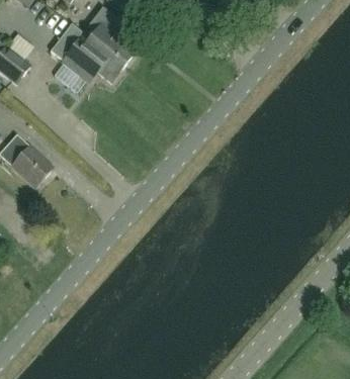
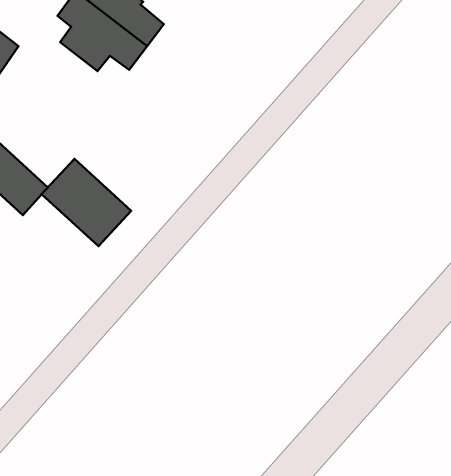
building: none -> [42,159,131,246]

